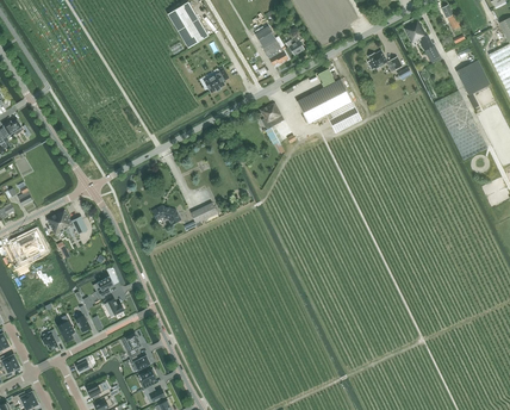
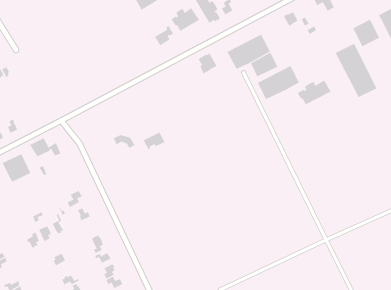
building: none -> [171,7,200,32]
building: none -> [257,65,299,100]
building: none -> [297,79,332,105]

